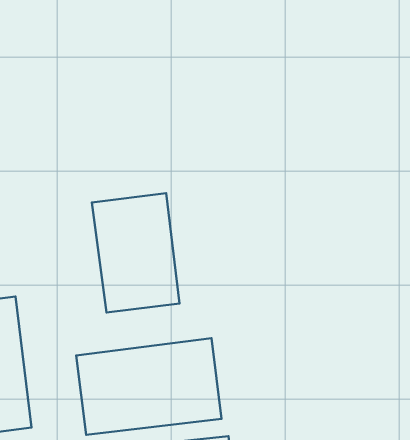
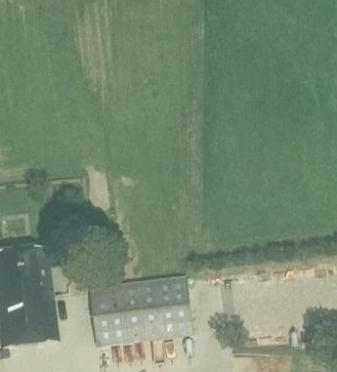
building: [92,193,180,313] -> none

